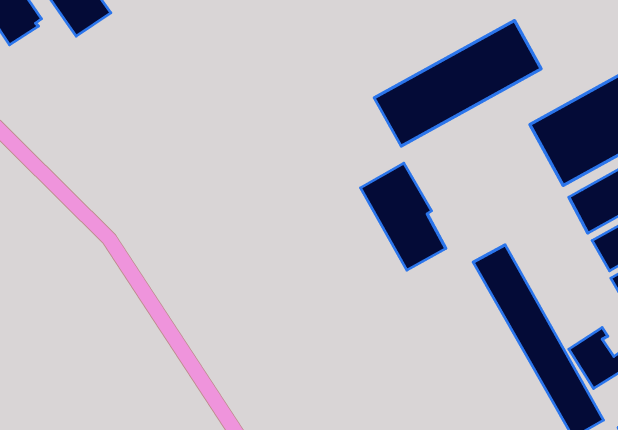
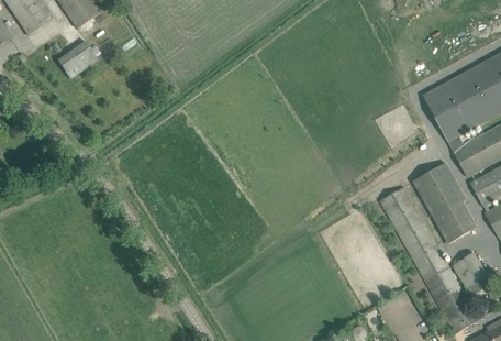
building: [374,21,541,146] -> none
building: none -> [54,40,97,79]
building: [360,163,446,270] -> [412,163,477,244]

